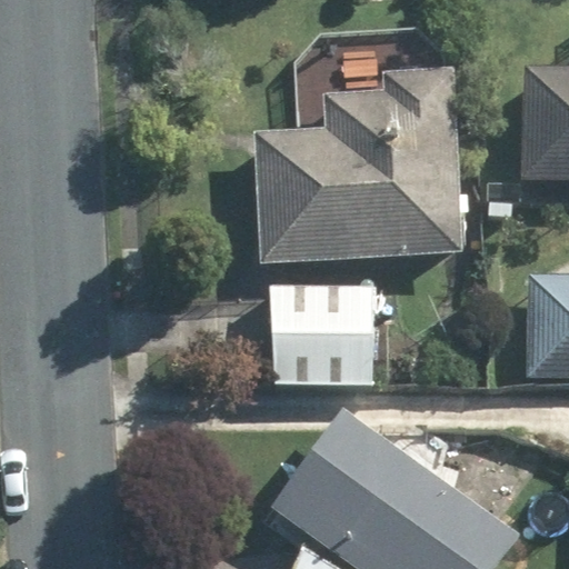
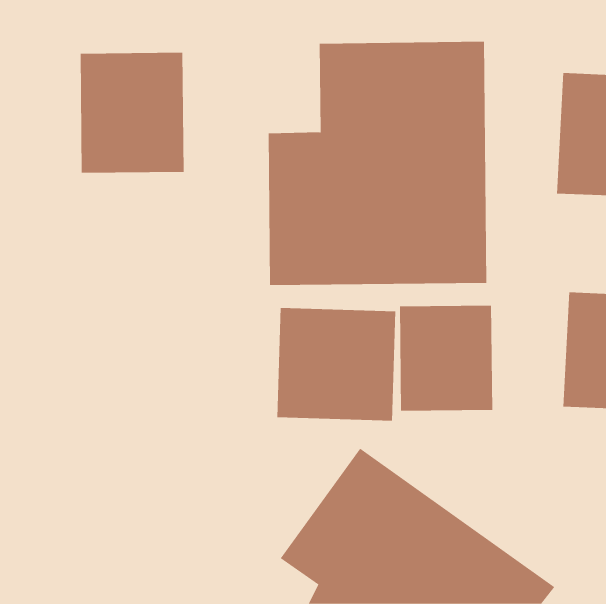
building: none -> [80,52,184,174]
building: none -> [399,305,493,412]

